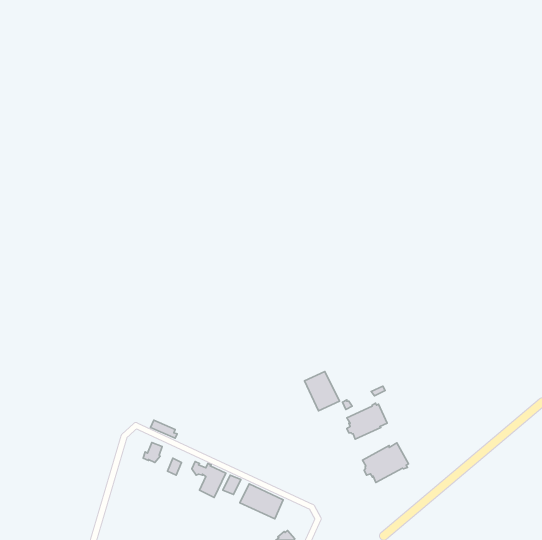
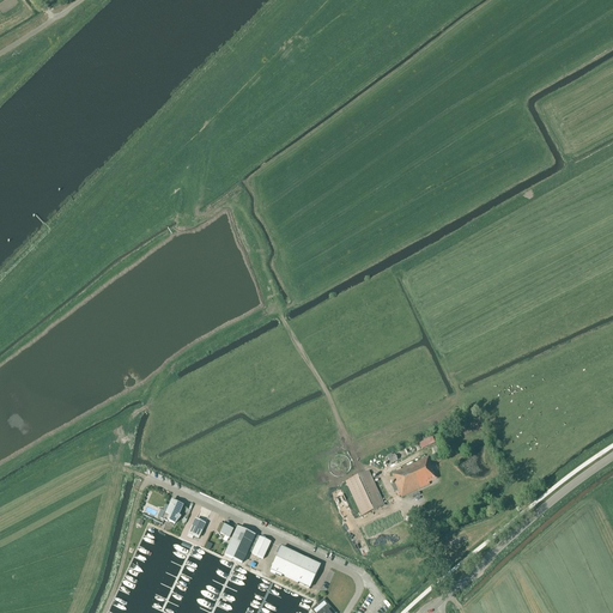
building: [305,371,340,411] -> [345,469,384,514]
building: [362,443,408,483] -> none

